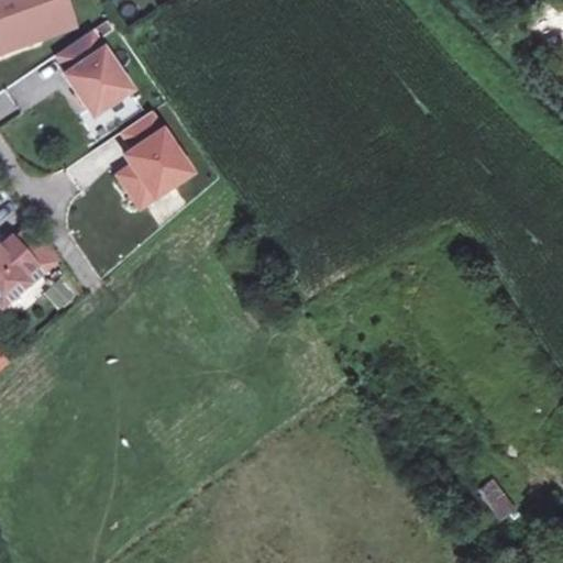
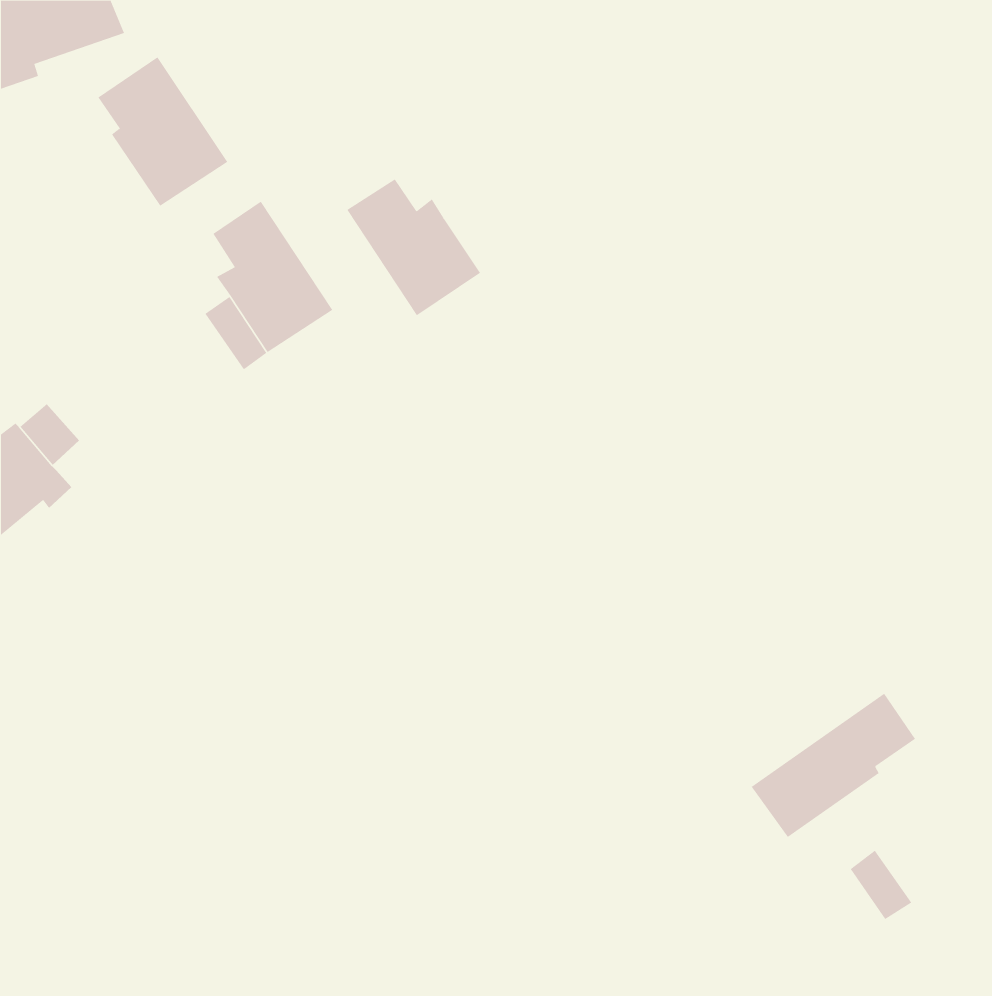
building: none -> [346,179,481,316]
building: none -> [751,693,916,838]

